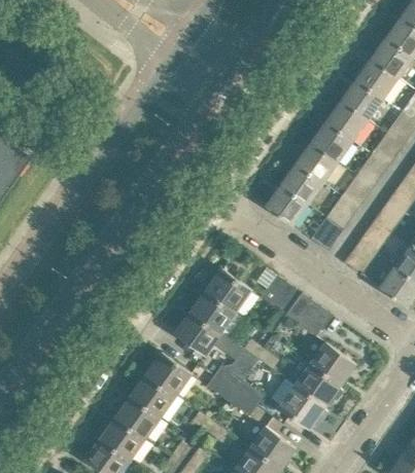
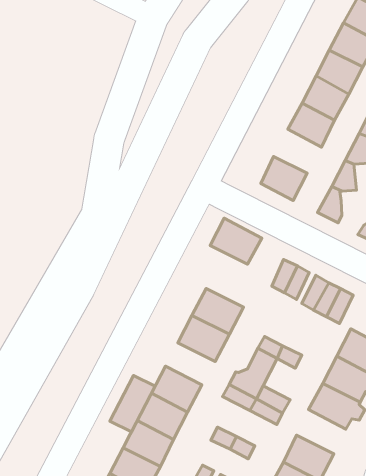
building: [279,165,321,205] -> none
building: [205,269,250,312] -> [210,218,262,264]
building: none -> [110,376,155,432]

